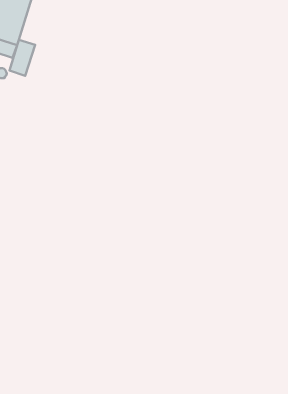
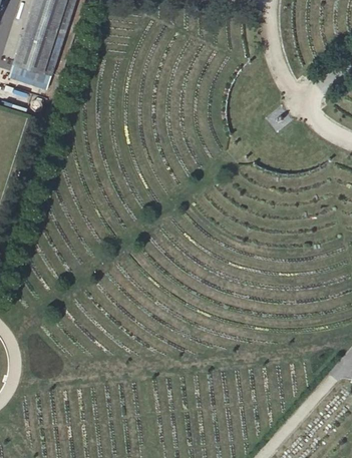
building: [9,40,35,76] -> none

